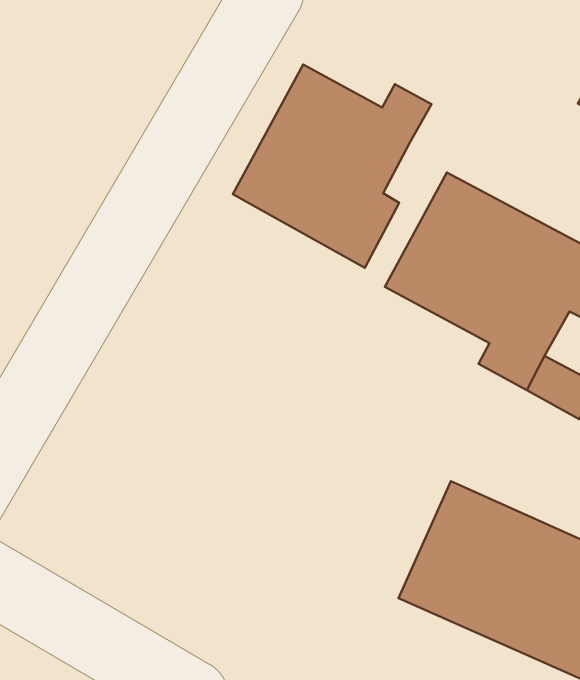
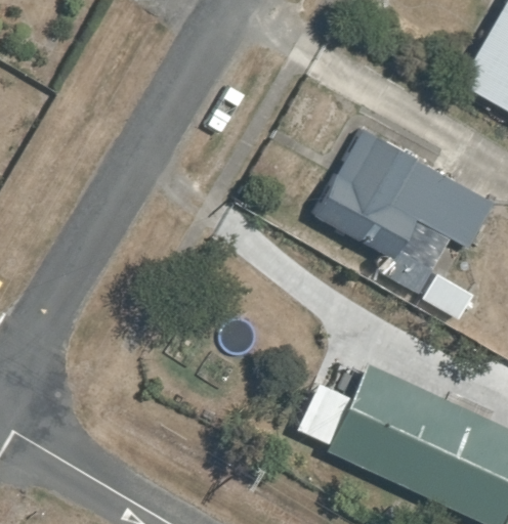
building: [233,64,431,268] -> none

